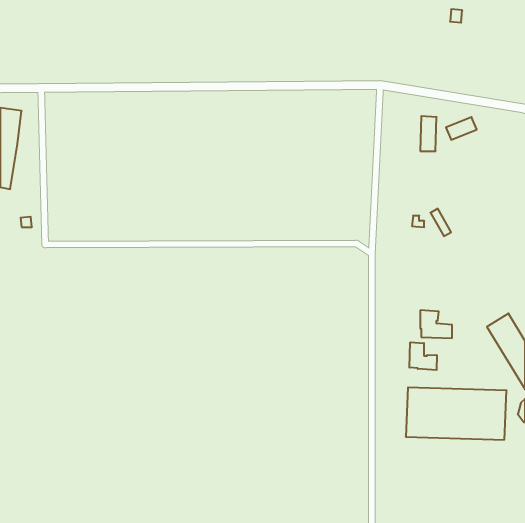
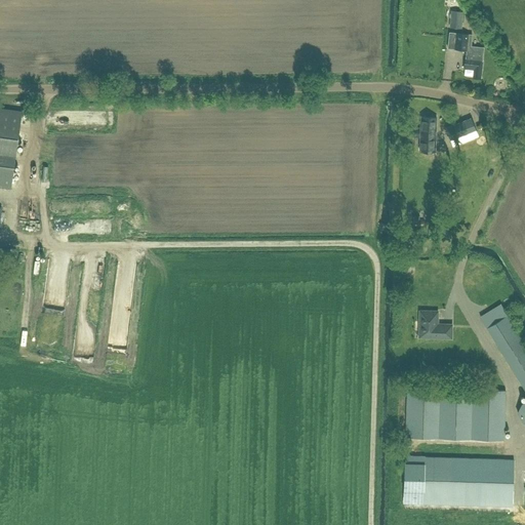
building: none -> [454,34,484,79]
building: [409,342,437,370] -> none
building: none -> [403,457,514,508]

